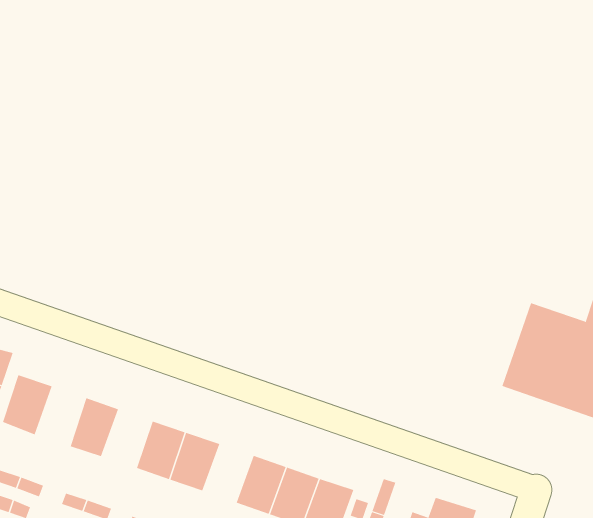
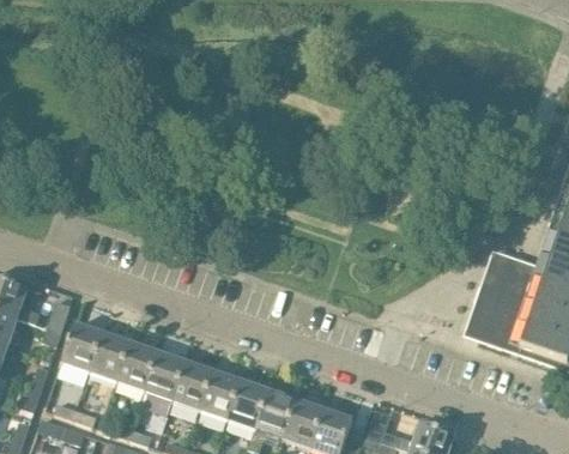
building: none -> [87,332,129,382]
building: none -> [143,351,184,400]
building: none -> [226,380,268,429]

